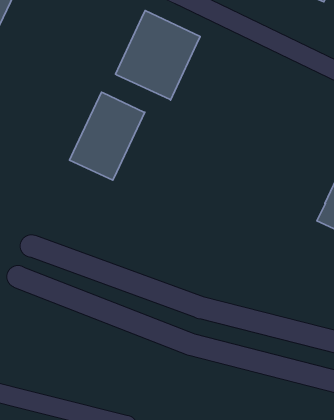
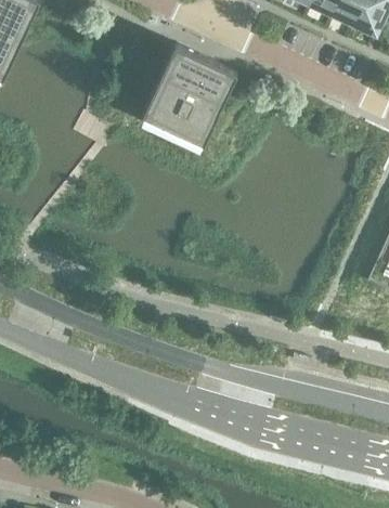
building: [70,92,145,180] -> none

